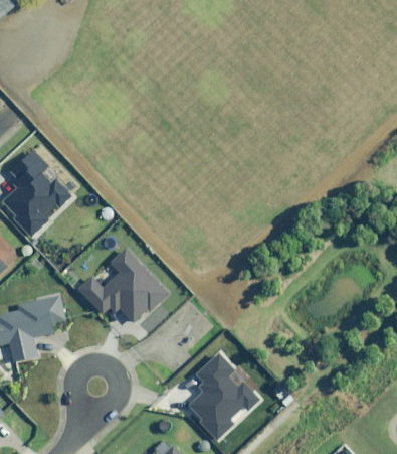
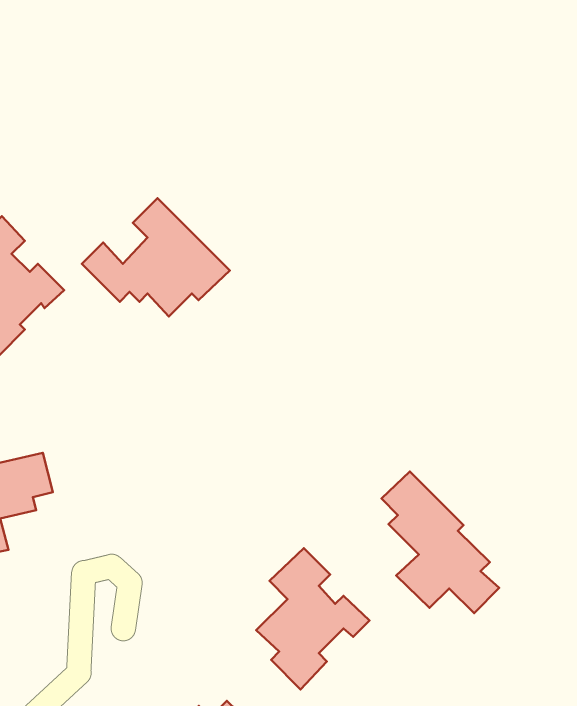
building: [78,248,169,320] -> [82,198,230,316]
building: none -> [382,471,499,613]

